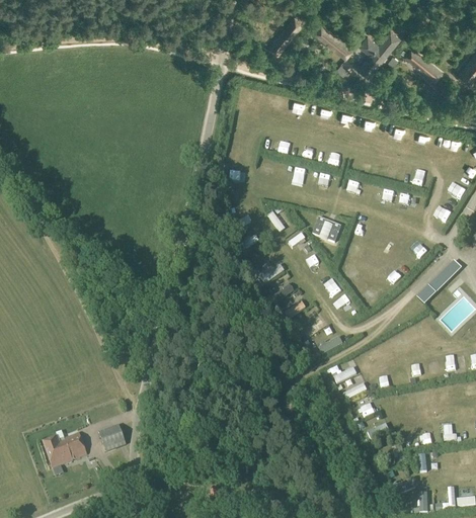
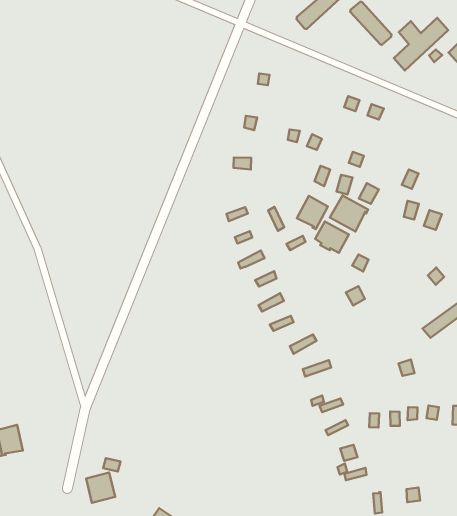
building: none -> [330,196,368,232]
building: none -> [297,196,328,229]
building: [98,425,126,453] -> [86,473,115,503]

